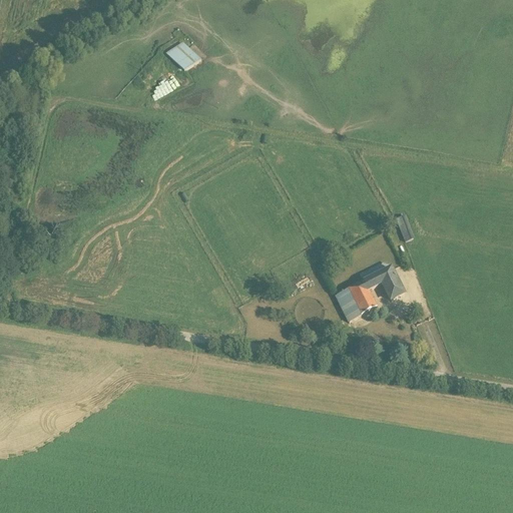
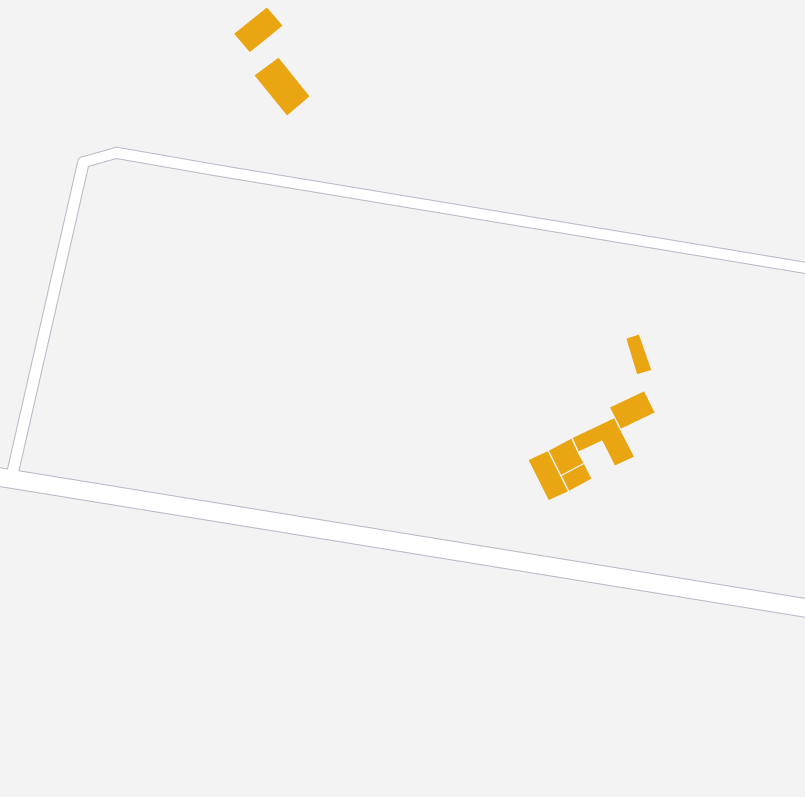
building: none -> [233,6,283,53]
building: none -> [609,390,656,430]

